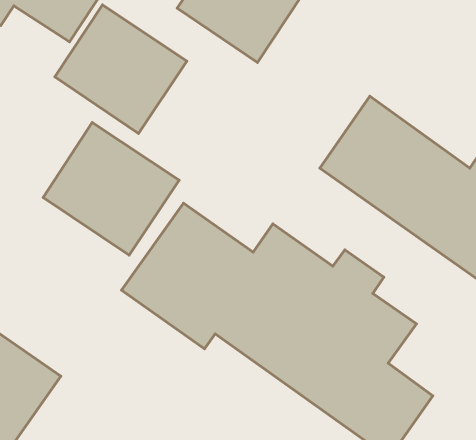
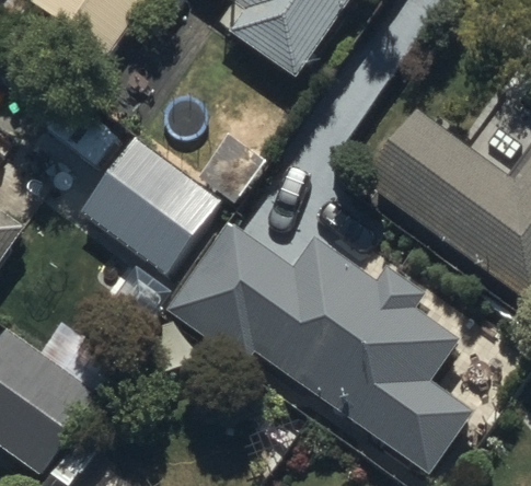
building: [55,5,187,134] -> none

